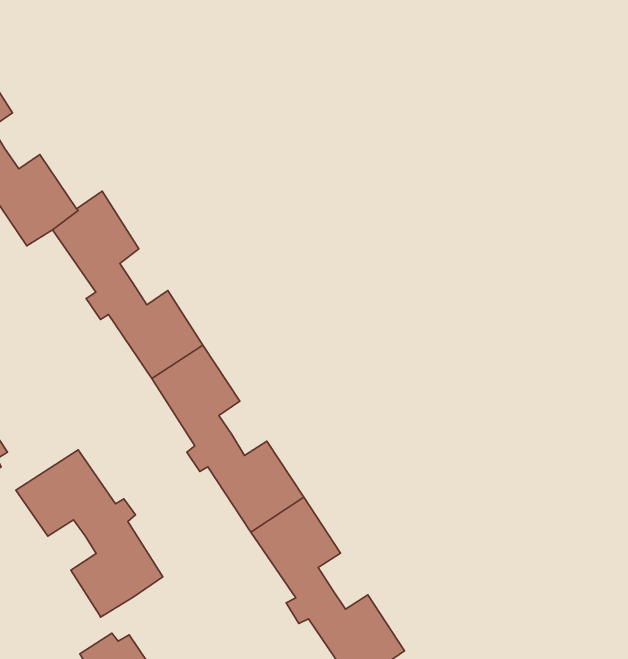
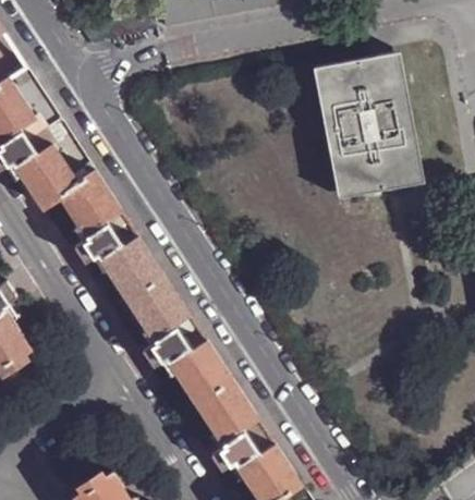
building: none -> [318,54,416,197]
building: [16,450,163,617] -> none

